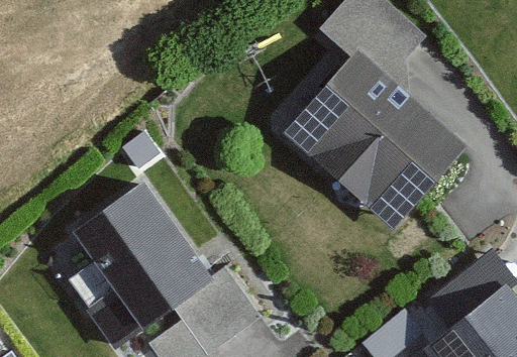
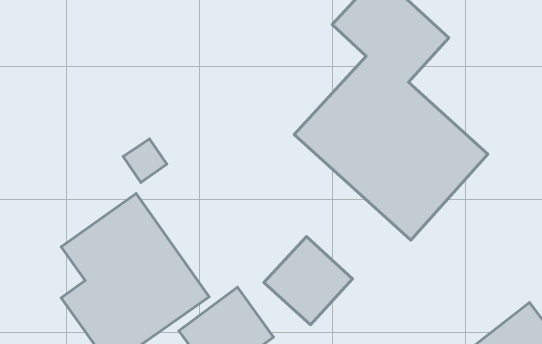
building: none -> [264,237,352,325]

